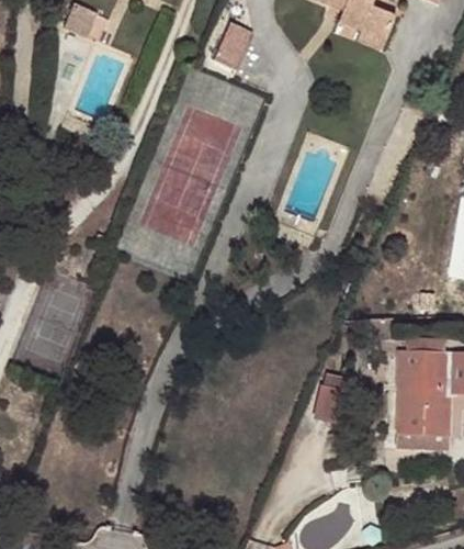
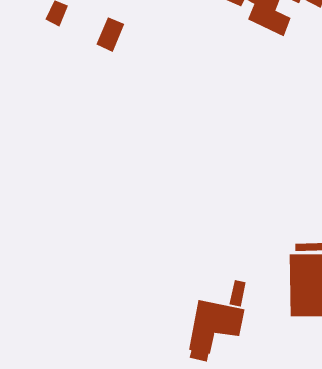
building: [215,23,256,72] -> [95,16,125,53]
building: none -> [188,299,245,363]

